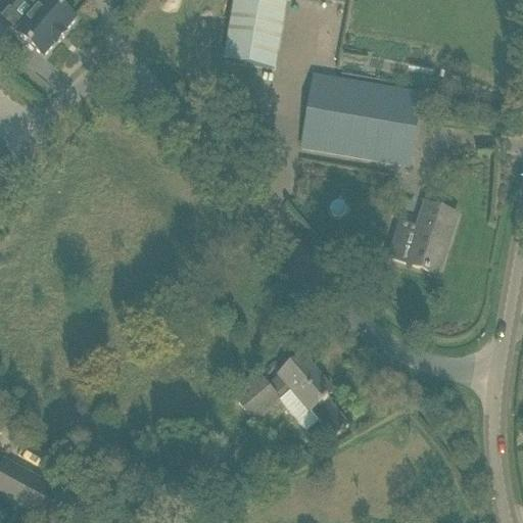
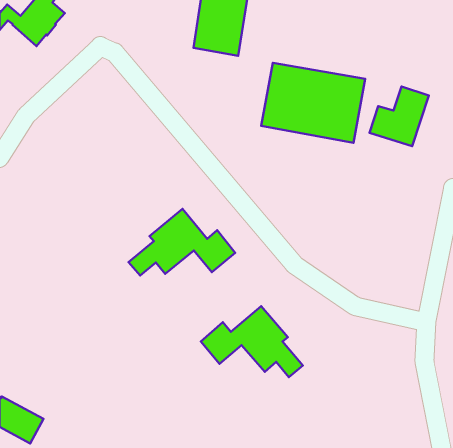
building: [387,201,456,270] -> [369,87,429,146]
building: none -> [129,209,235,276]

